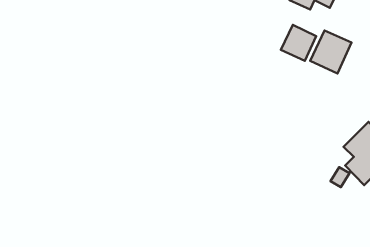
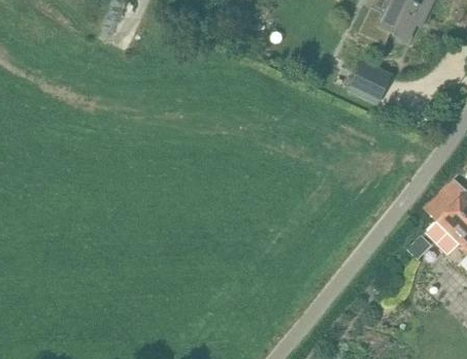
building: [310,30,351,73] -> none

